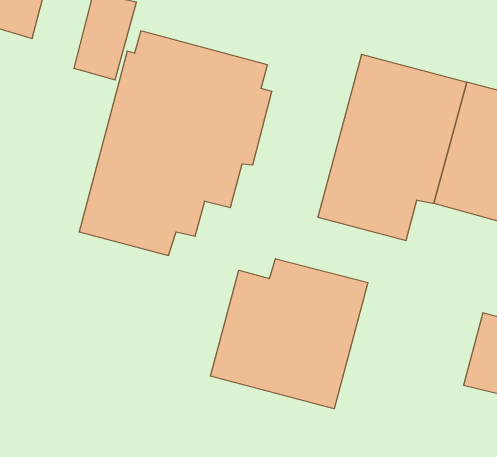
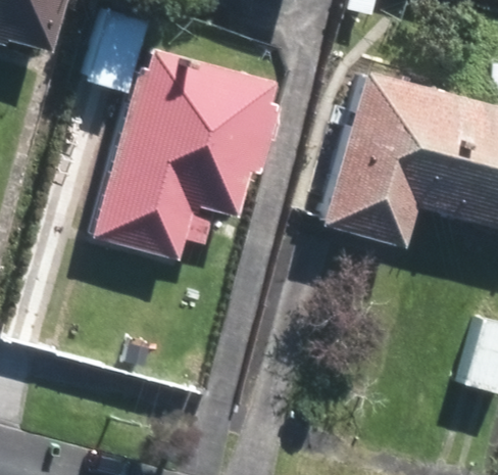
building: [211,259,368,409] -> none

